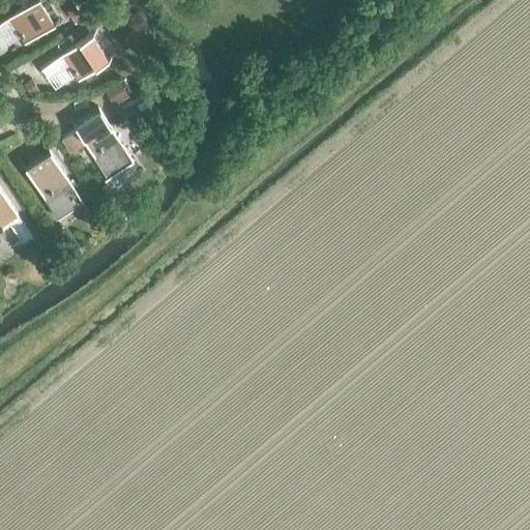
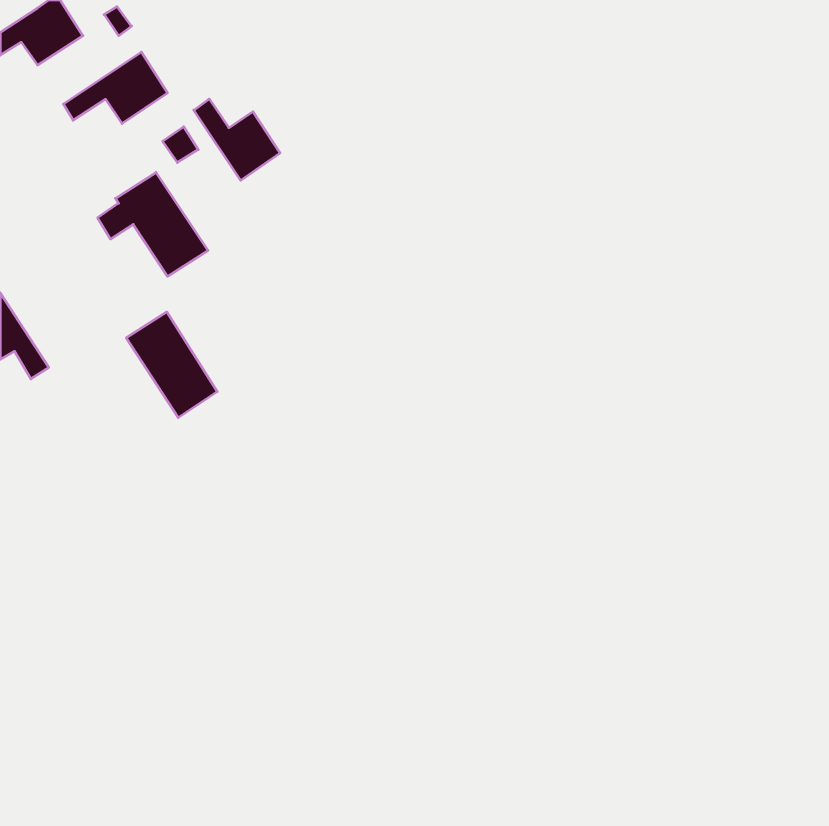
building: none -> [194,99,280,180]
building: [25,153,83,220] -> [126,312,217,418]

